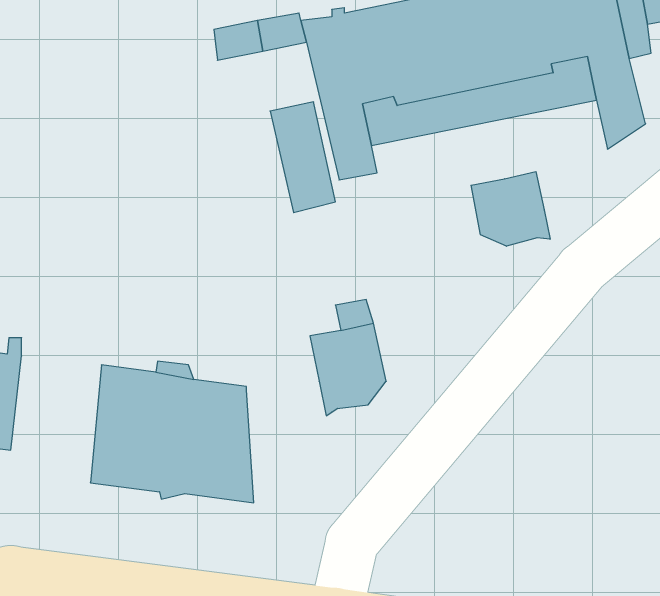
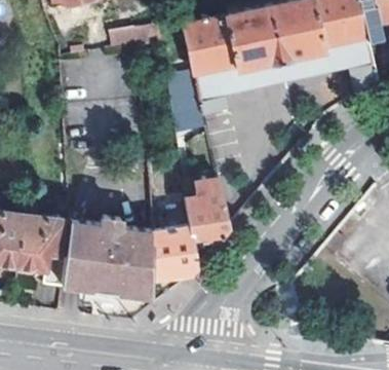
building: [471,172,550,246] -> none
building: none -> [16,213,68,285]
building: none -> [150,227,199,279]

